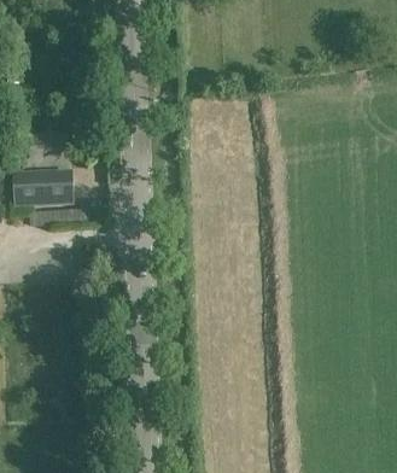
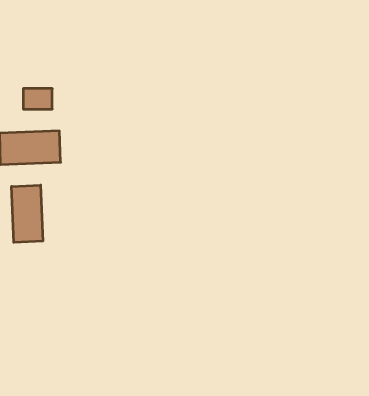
building: none -> [12,185,43,242]

